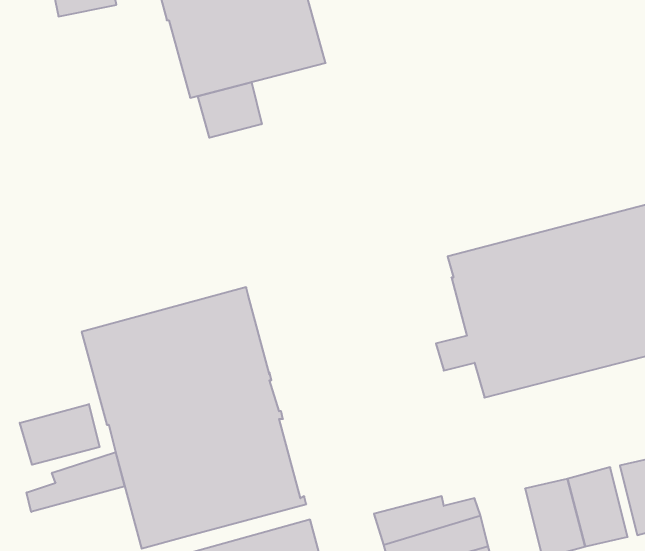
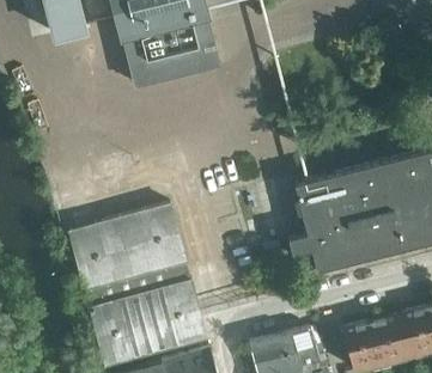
building: [198,82,262,138] -> none
building: [20,404,100,465] -> none
building: [27,452,125,512] -> none

